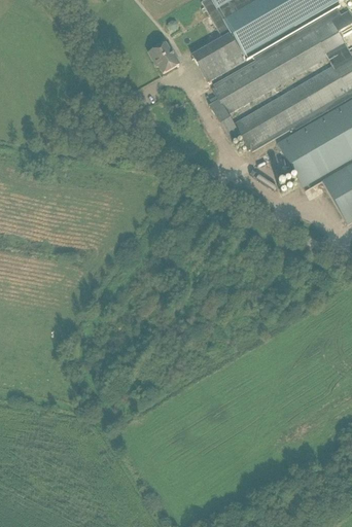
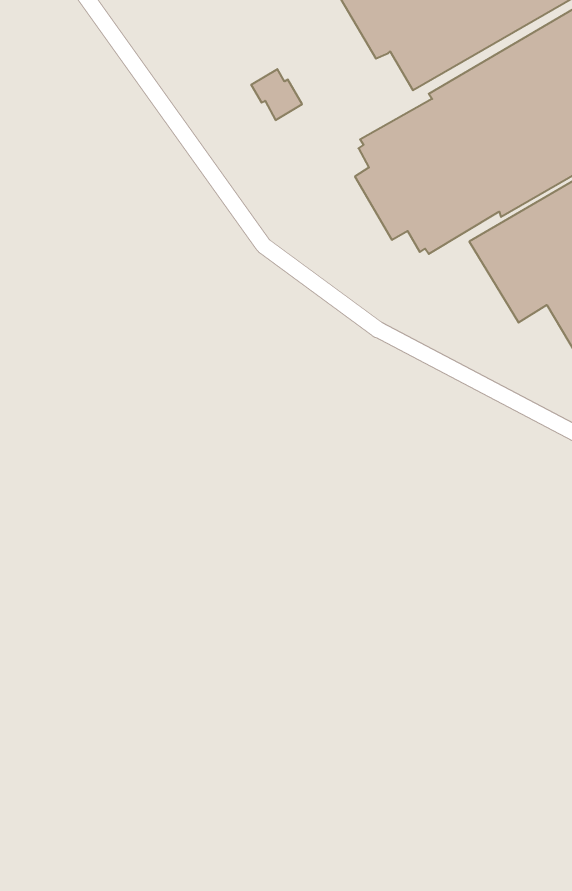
building: [193,32,246,80] -> none

